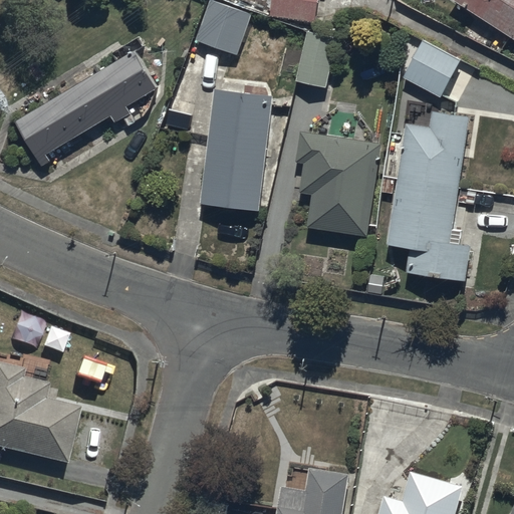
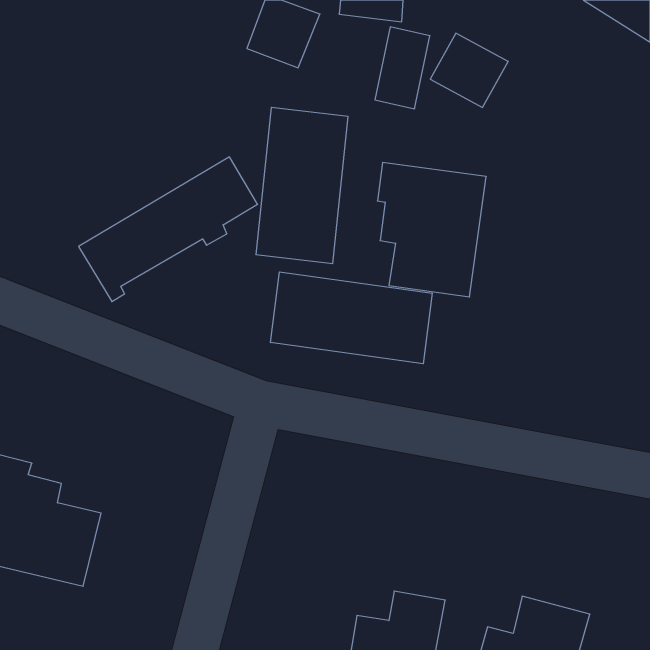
building: [398,39,459,97] -> [430,33,508,107]
building: [14,52,155,166] -> [79,157,258,302]
building: [388,110,469,280] -> none
building: none -> [271,272,432,364]

